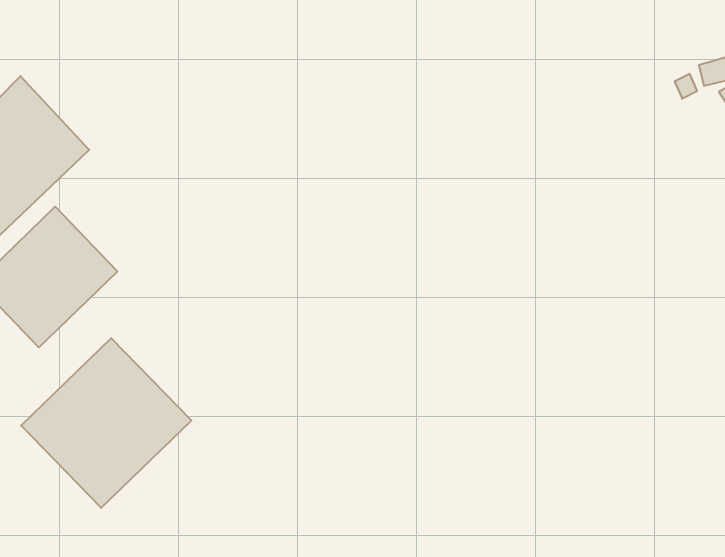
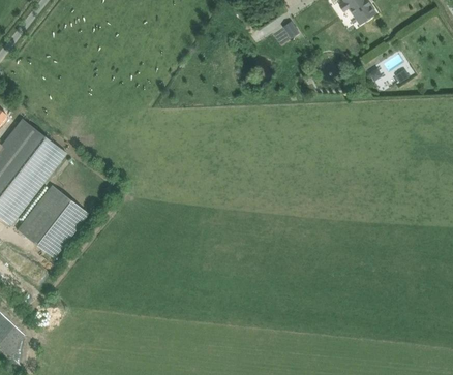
building: [21,338,191,508] -> none

